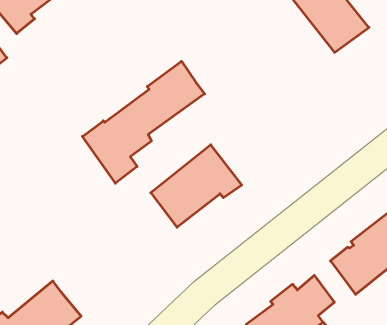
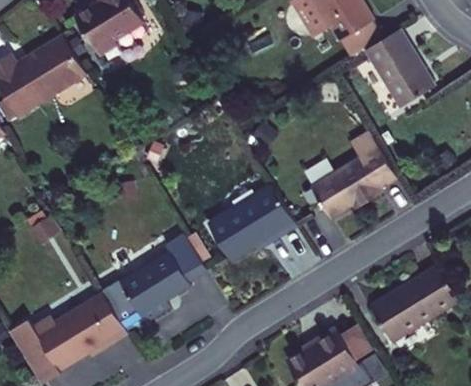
building: [82,61,205,183] -> none
building: none -> [312,147,397,217]
building: none -> [111,233,207,331]

